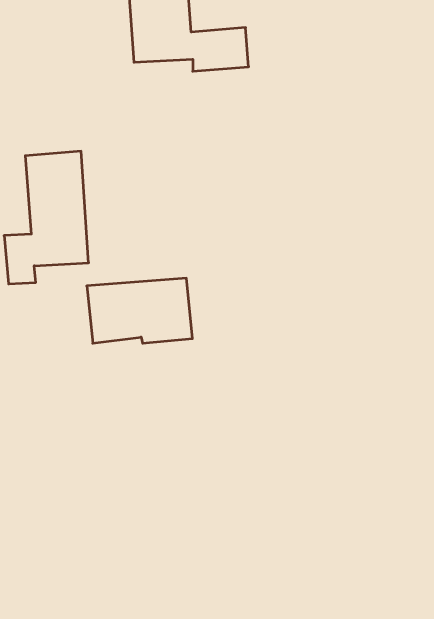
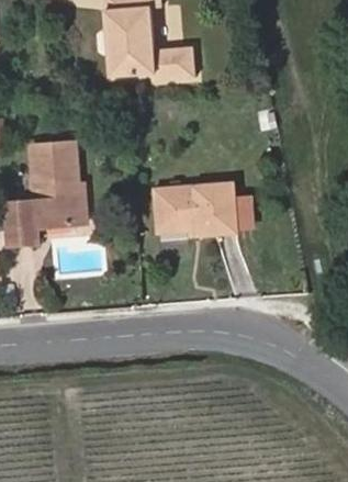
building: [87,278,192,343] -> [155,188,232,235]

